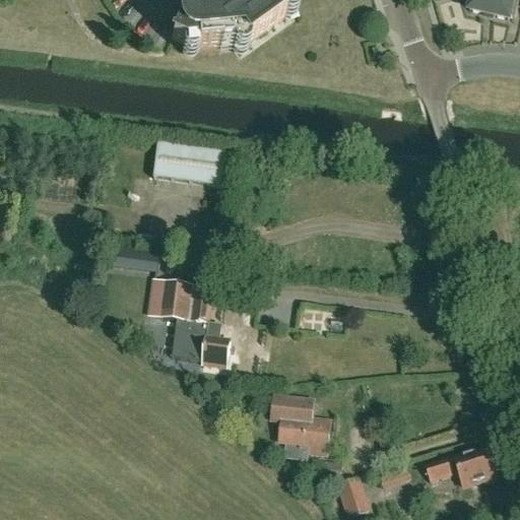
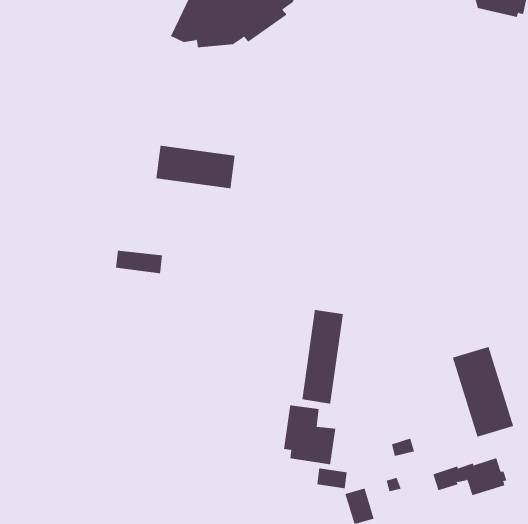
building: [152,278,230,364] -> none
building: none -> [302,309,343,404]
building: none -> [452,346,514,438]

